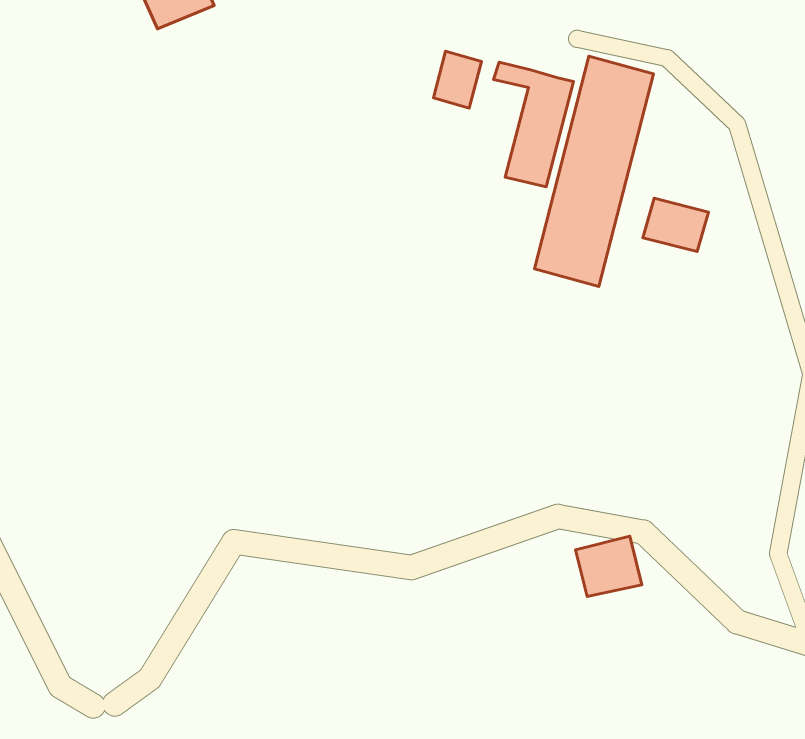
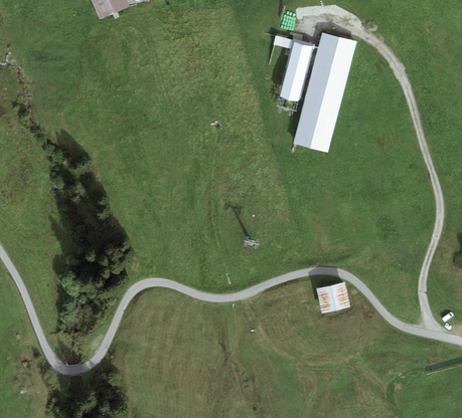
building: [433,51,481,108] -> none
building: [643,198,709,252] -> none

